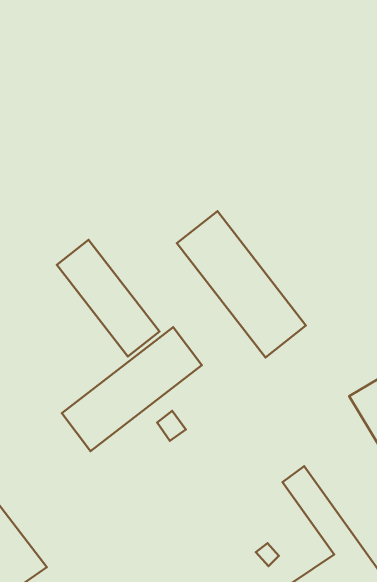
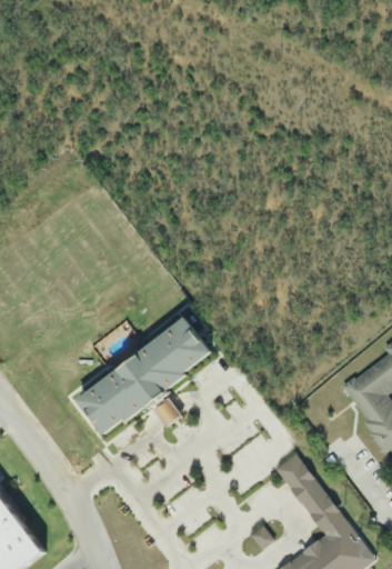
building: [177,211,306,357] -> none
building: [57,240,160,356] -> none

